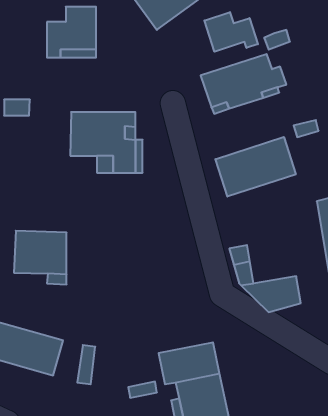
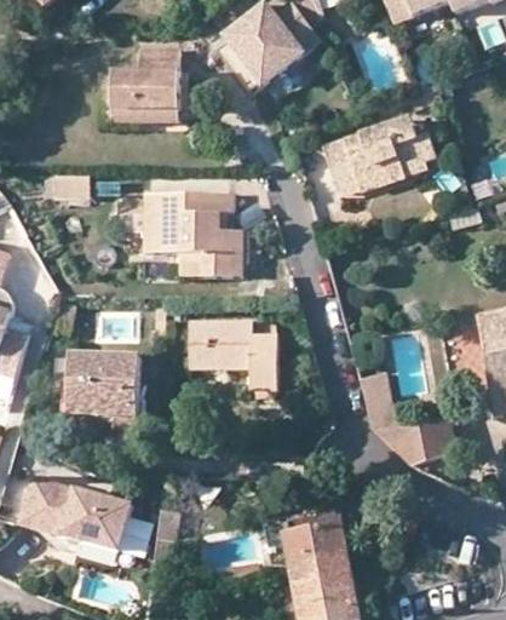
building: [204,12,258,52] -> none
building: [215,137,296,197] -> none
building: none -> [190,321,278,389]

